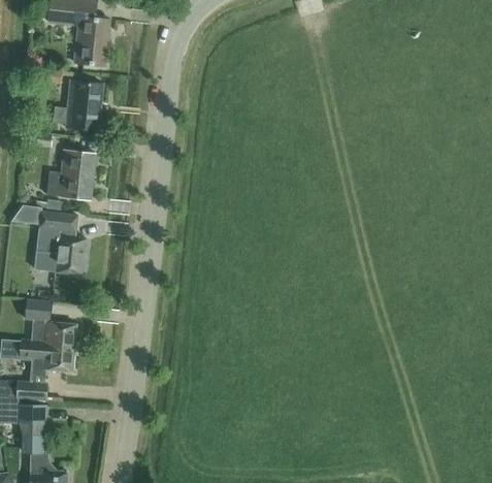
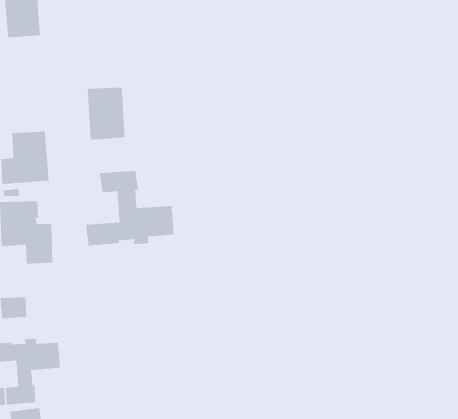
building: [64,79,102,130] -> [87,87,125,140]
building: none -> [80,170,174,247]
building: [31,320,75,348] -> none

